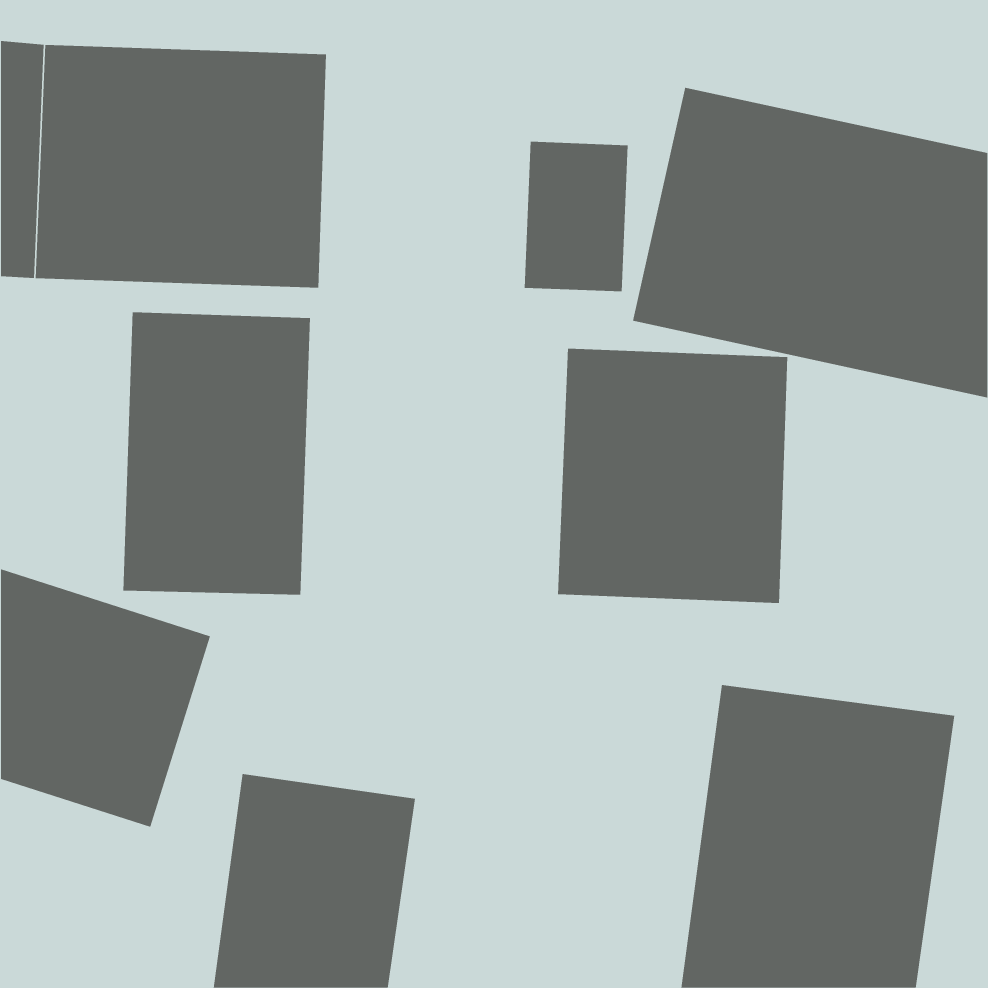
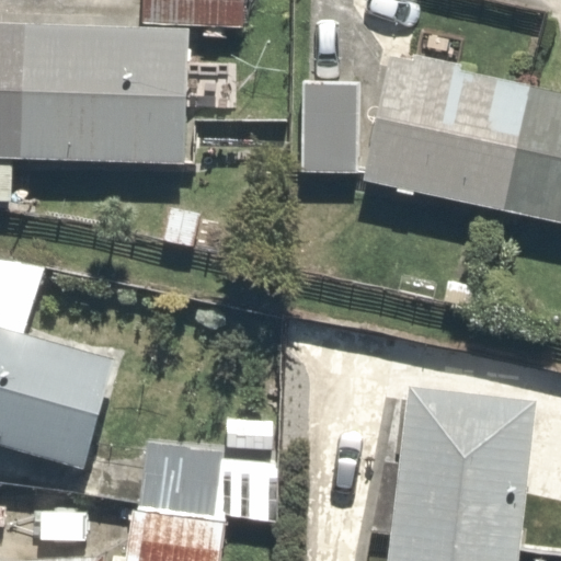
building: [123,311,310,596] -> none
building: [557,348,788,604] -> none

